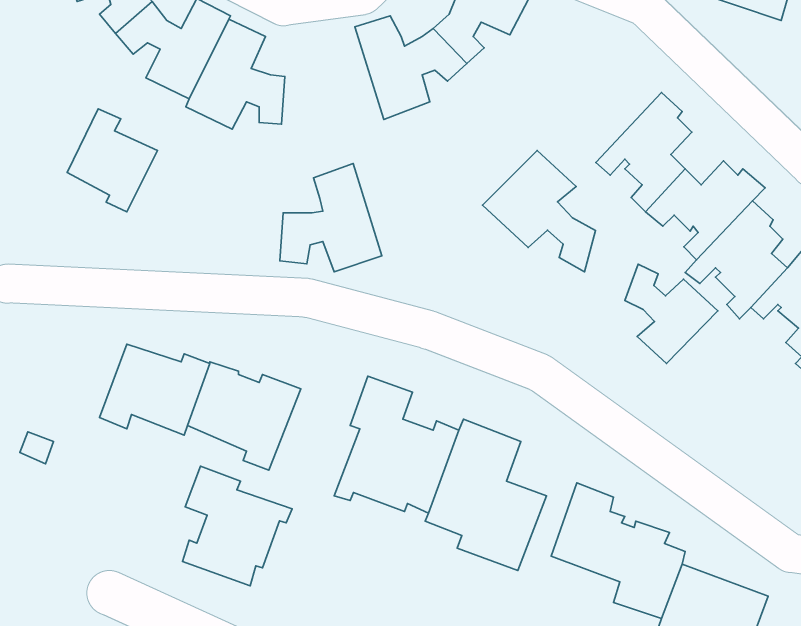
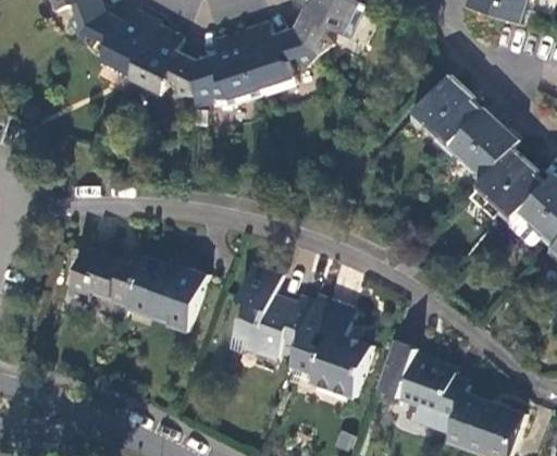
building: [67,109,158,212] -> none
building: [483,150,596,272] -> none
building: [280,163,382,272] -> [193,27,262,101]
building: [625,264,718,364] -> none
building: [183,466,292,586] -> none

